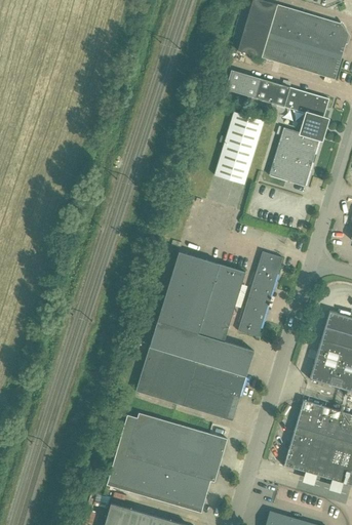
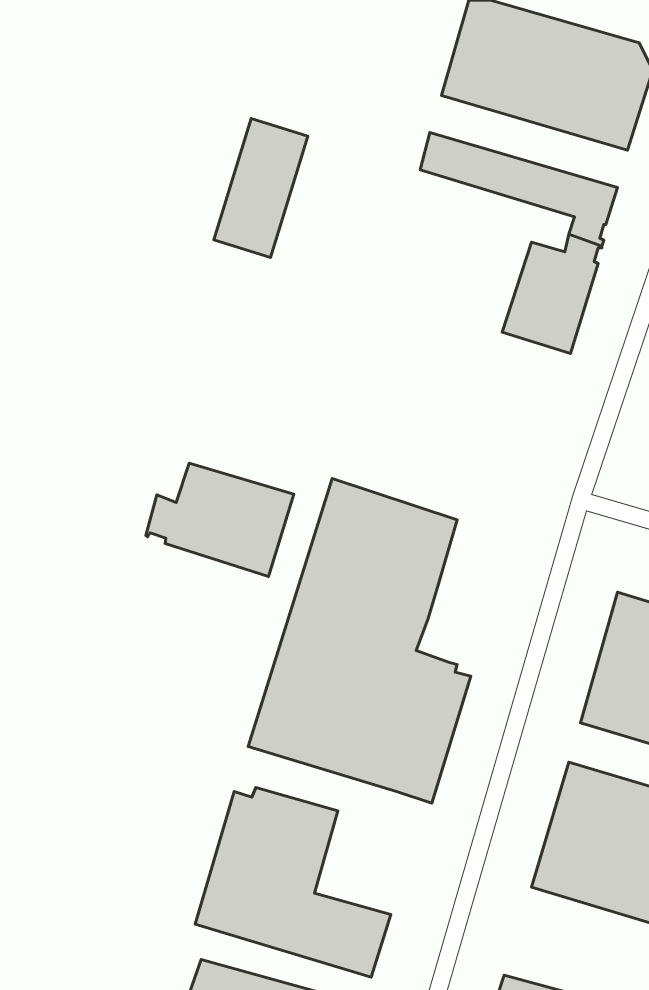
building: [214,112,264,185] -> [214,119,308,257]
building: none -> [146,463,294,576]
building: [238,251,282,337] -> none
building: [170,426,227,481] -> none

